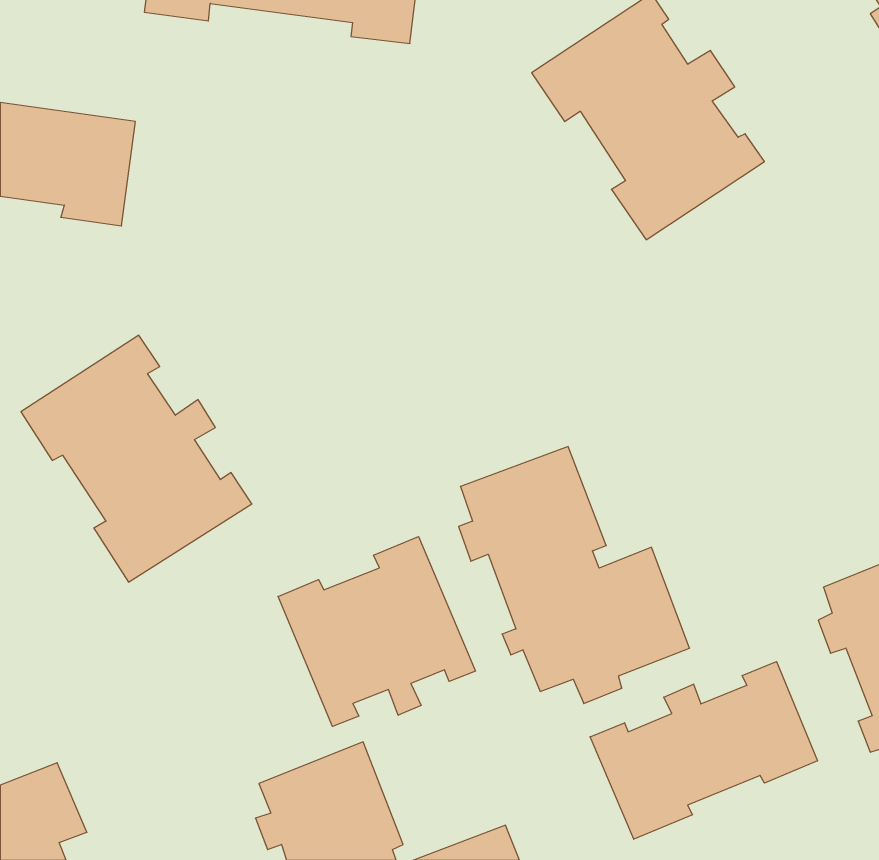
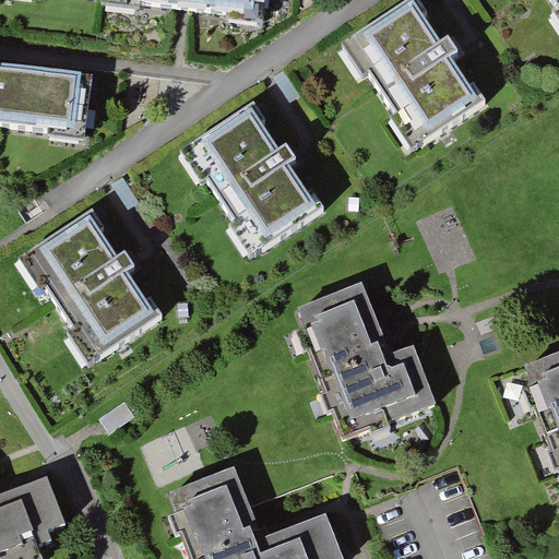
building: none -> [176,102,324,261]
building: [278,537,476,726] -> none
building: [590,662,817,839] -> none

